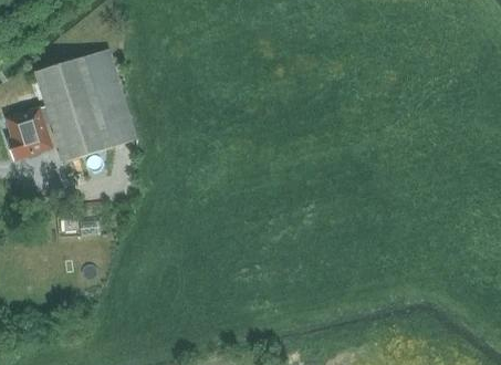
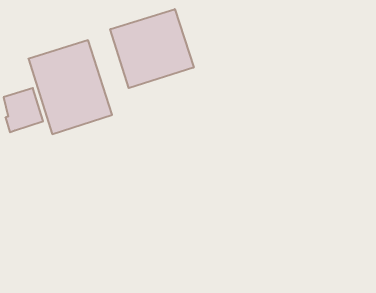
building: none -> [110,9,194,88]

